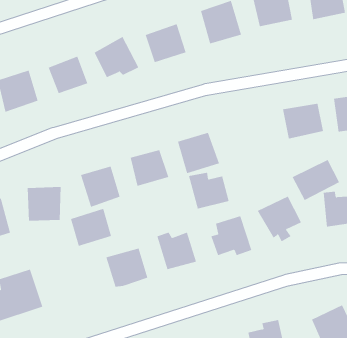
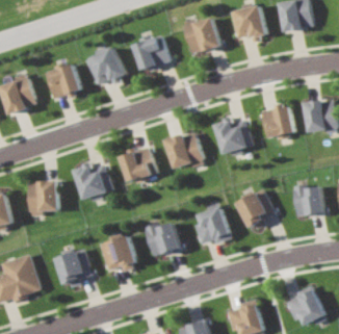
building: [292,159,340,201] -> none
building: [188,172,230,209] -> [212,120,250,153]
building: [70,208,112,246] -> [56,250,94,284]

